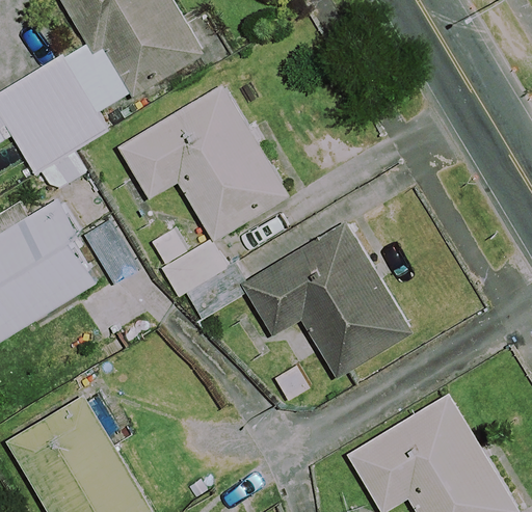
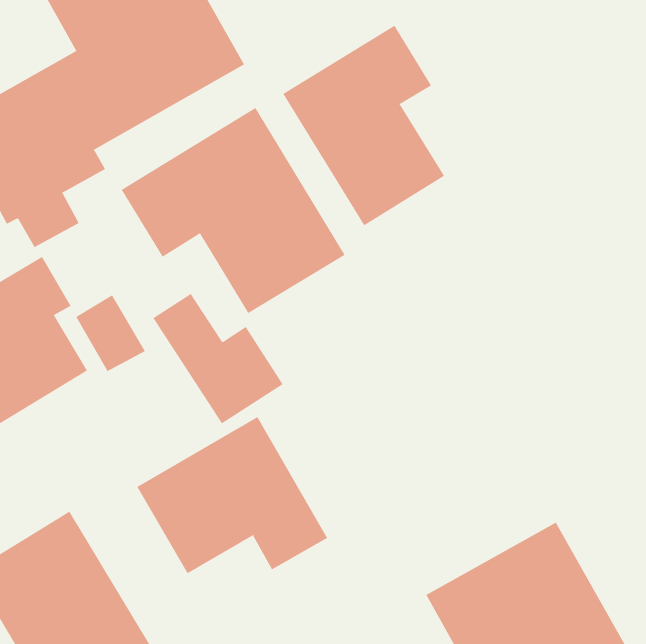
building: none -> [282,25,445,226]
building: [242,224,409,377] -> none
building: none -> [137,416,328,574]

